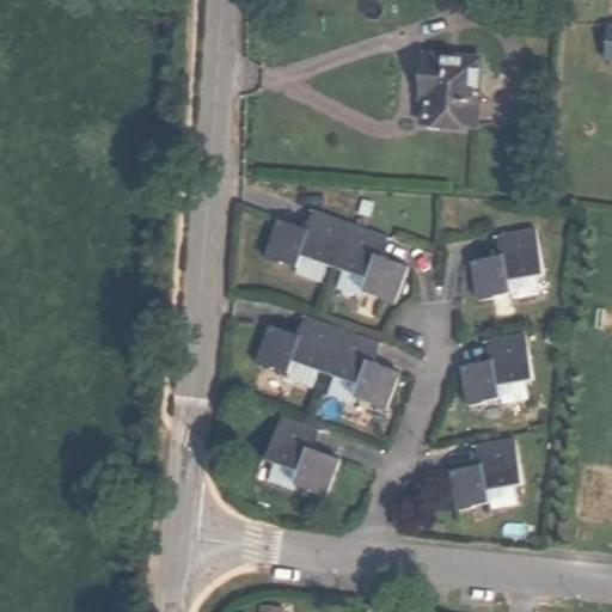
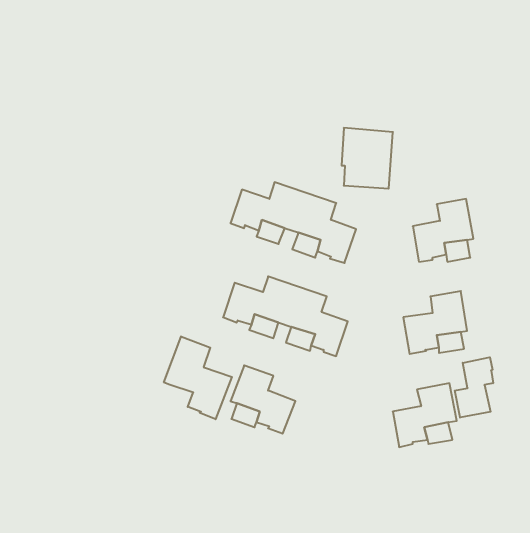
building: [416,54,475,123] -> [342,128,393,189]
building: none -> [164,336,232,419]
building: none -> [455,357,493,418]

